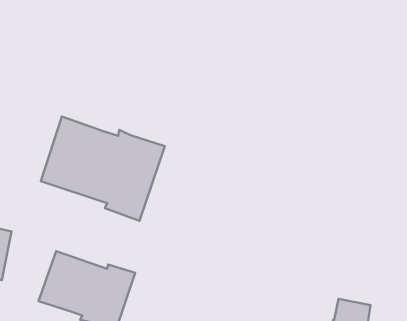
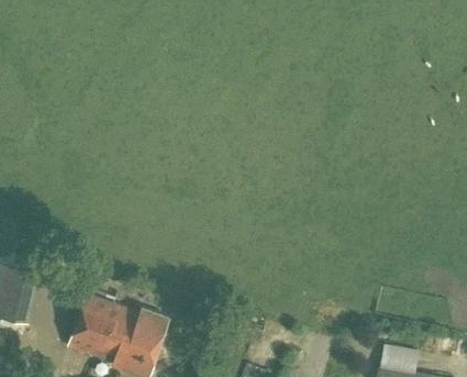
building: [41,116,165,221] -> none

